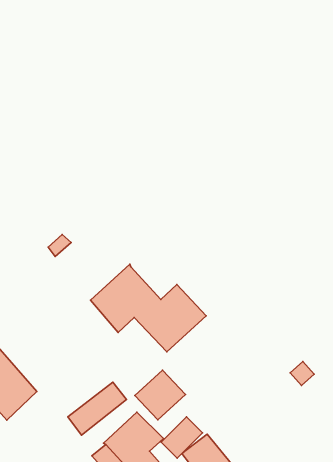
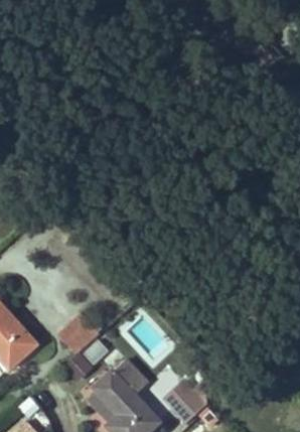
building: [90,264,206,352] -> none
building: [135,370,185,420] -> [57,310,102,353]

